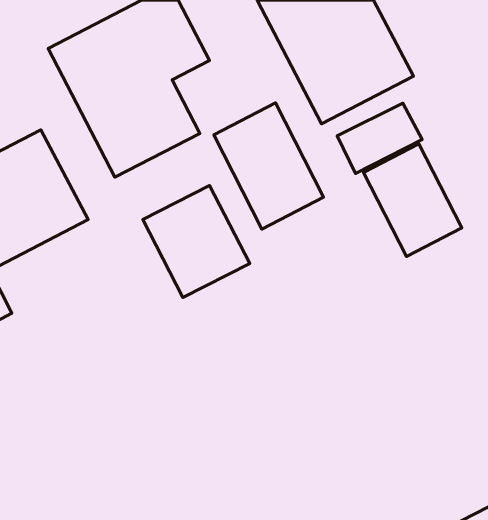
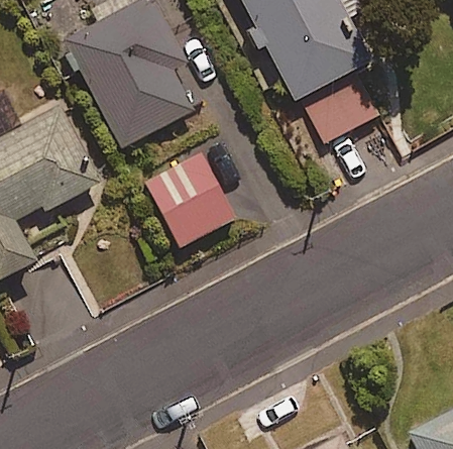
building: [214,103,324,229] -> none
building: [363,144,462,257] -> none

